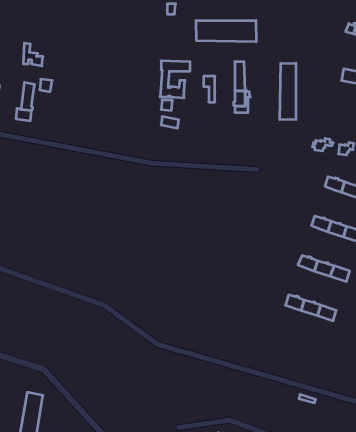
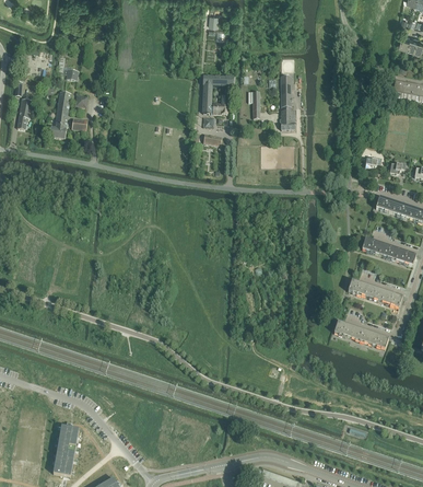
building: [196,20,256,42] -> none
building: [280,63,296,120] -> none

